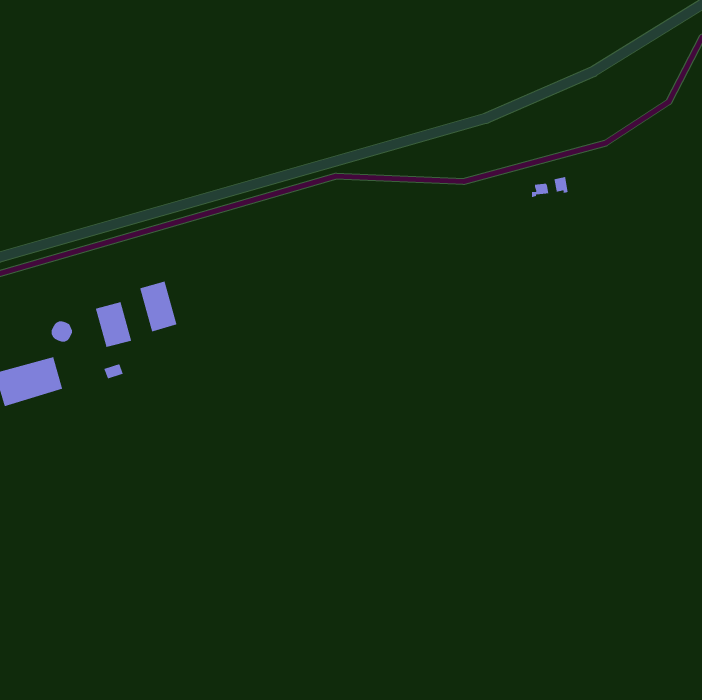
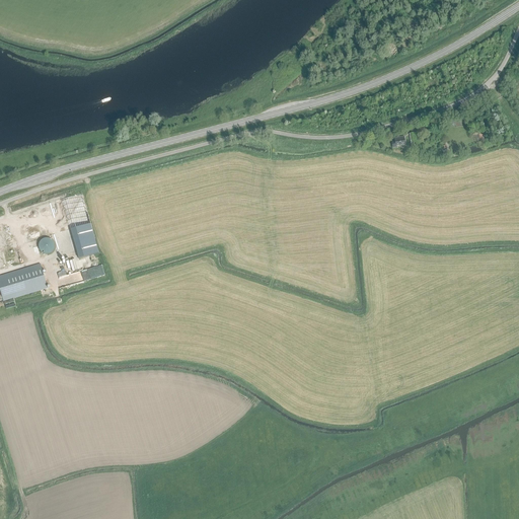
building: [139,280,177,332] -> none

